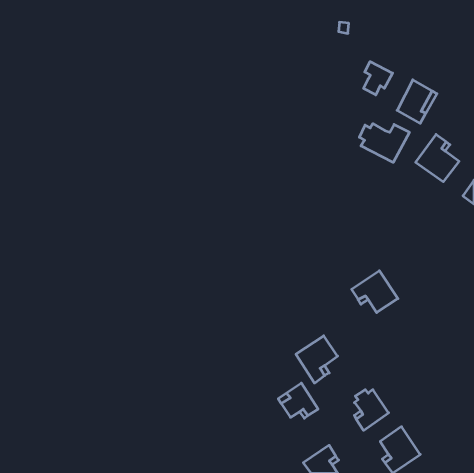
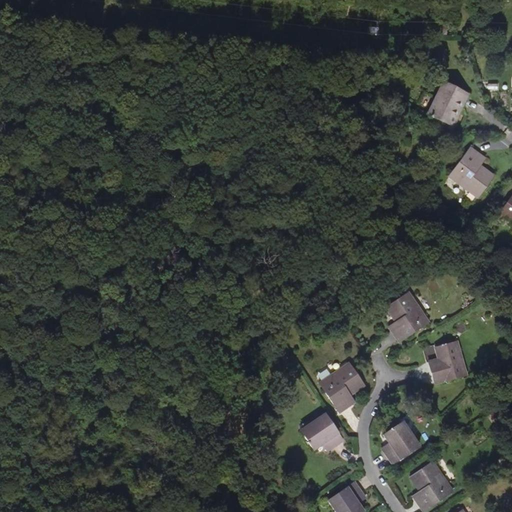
building: [364,62,393,95] -> none
building: [359,124,409,162] -> none
building: none -> [427,341,465,384]

